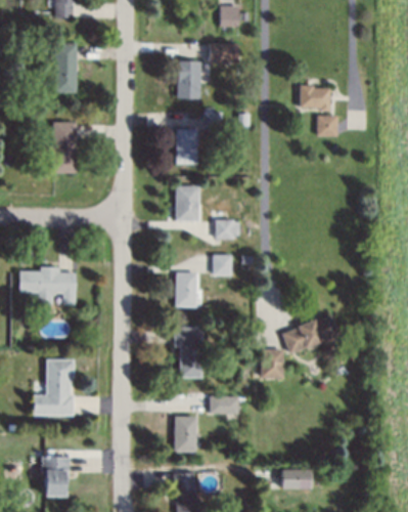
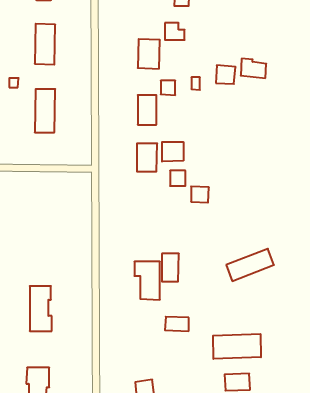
building: [316,115,339,137] -> [216,65,236,84]
building: none -> [162,142,183,162]
building: [211,256,232,275] -> [191,186,209,203]
building: [19,267,75,306] -> none
building: [176,274,196,308] -> [162,254,179,282]
building: [260,348,283,377] -> none
building: [174,417,197,451] -> none
building: none -> [213,334,261,359]

